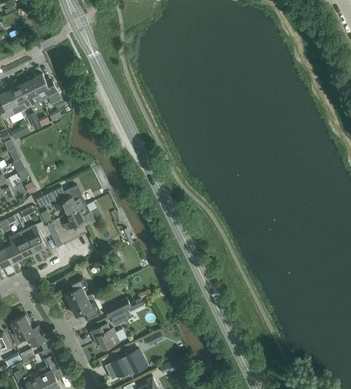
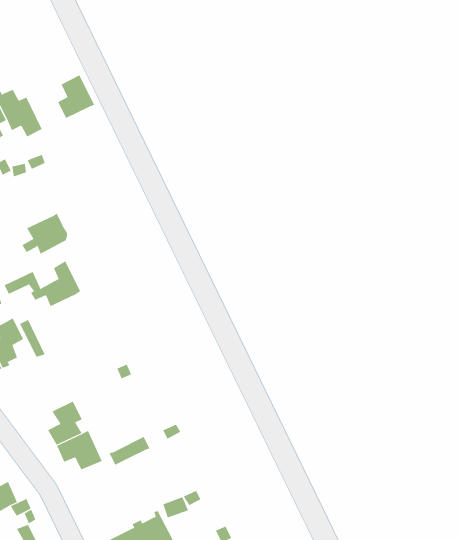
building: none -> [57,75,95,119]
building: [63,205,93,232] -> [22,213,68,254]
building: [90,324,119,350] -> none

